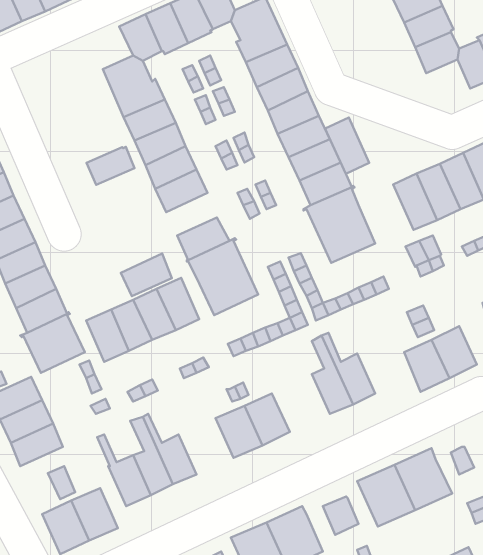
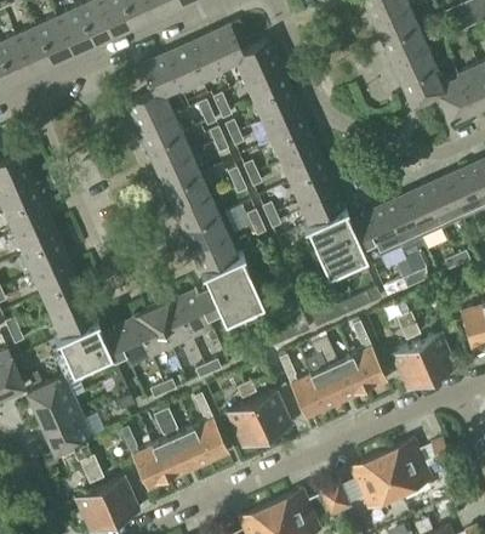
building: [325,117,369,174] -> [361,205,400,255]
building: [87,147,135,185] -> none
building: [121,253,172,296] -> [182,212,227,250]
building: none -> [350,320,387,390]
building: none -> [279,353,326,417]
building: none -> [193,391,229,461]

